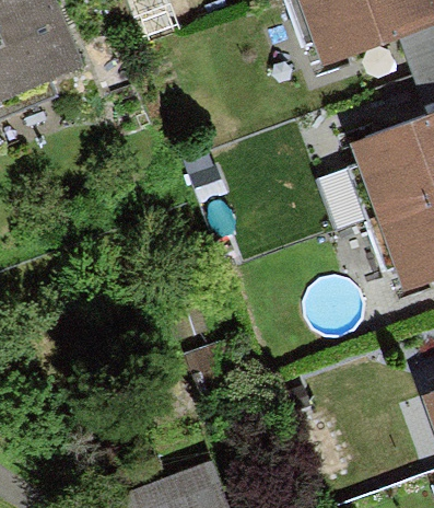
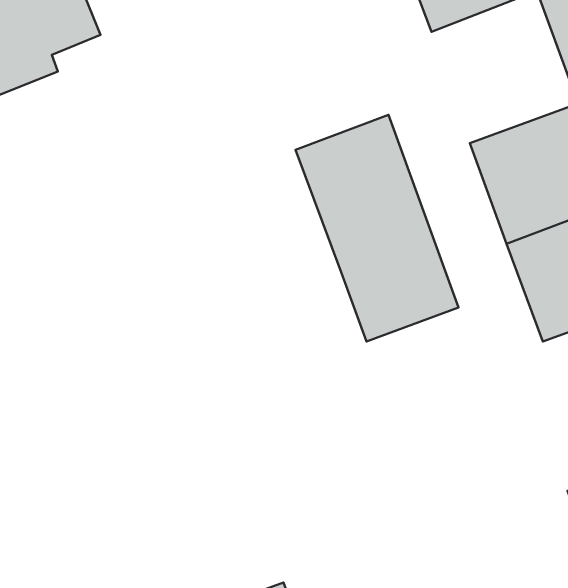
building: none -> [296,115,458,342]

